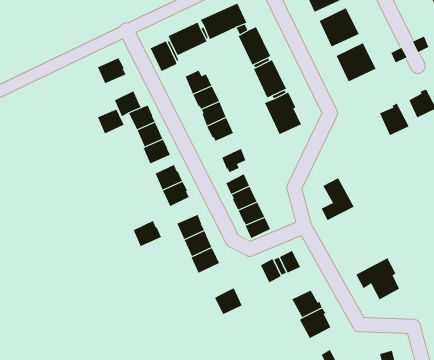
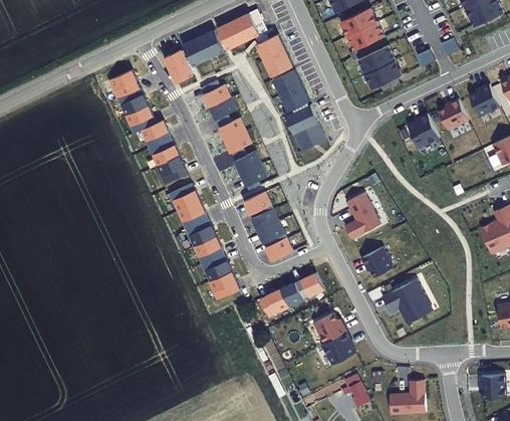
building: [97,109,124,134] -> [116,84,146,112]
building: none -> [232,147,260,173]
building: [133,220,162,247] -> [183,215,214,243]
building: none -> [361,248,394,278]
building: [214,287,243,315] -> [259,287,289,317]

